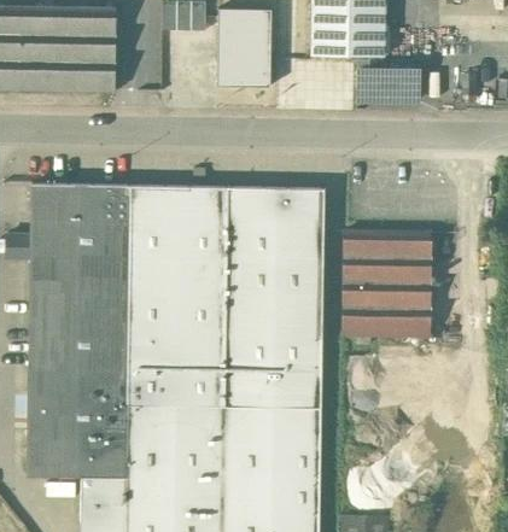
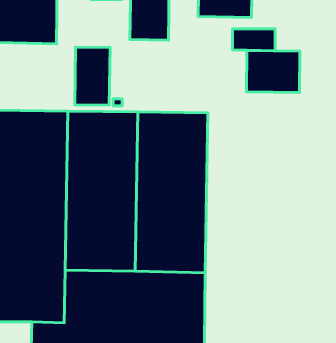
building: none -> [75,47,110,105]
building: none -> [247,50,300,92]
building: [340,232,430,337] -> none

